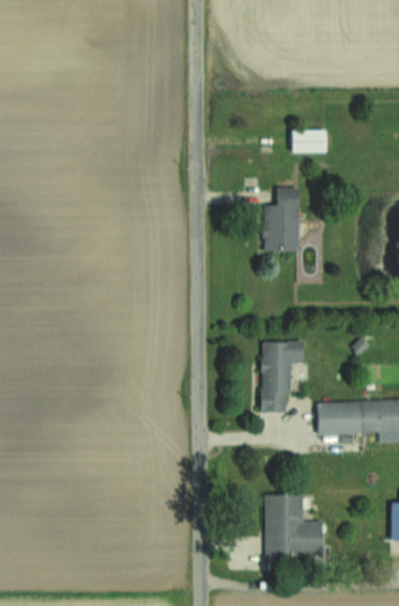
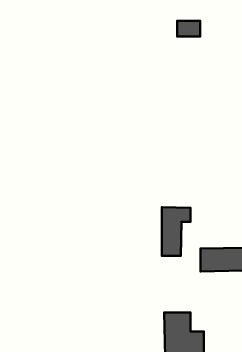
building: [292,131,326,154] -> [177,21,200,36]
building: [264,188,298,252] -> none

